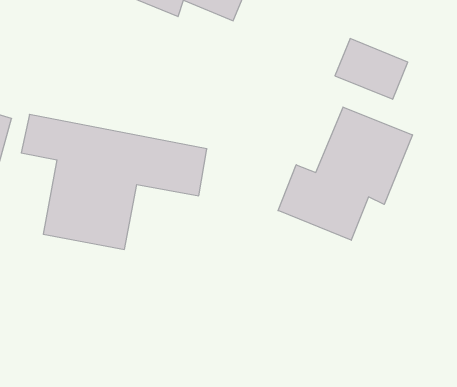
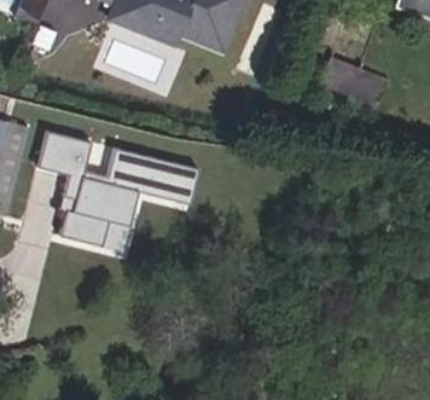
building: [278,107,412,240] -> none

